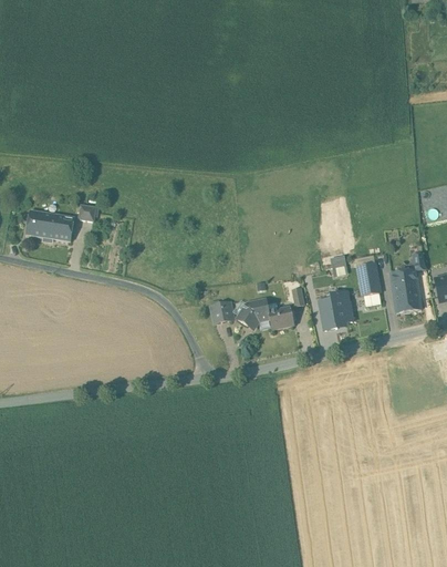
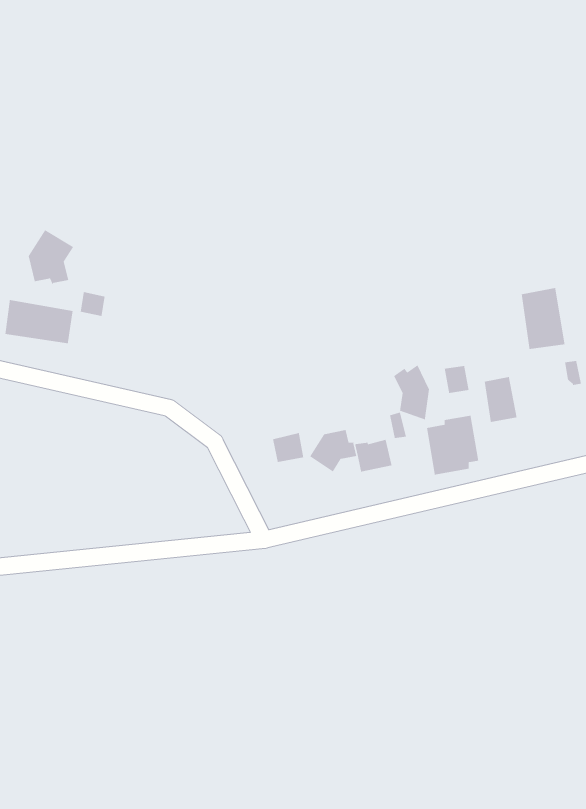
building: none -> [28,229,74,285]
building: none -> [393,364,430,421]
building: [391,268,422,311] -> [521,287,566,350]

